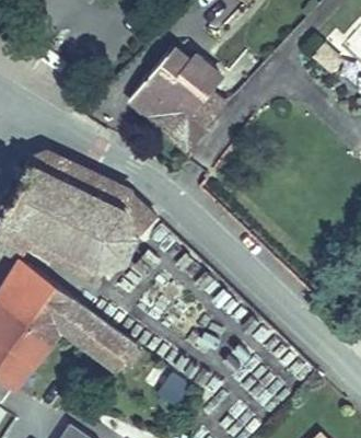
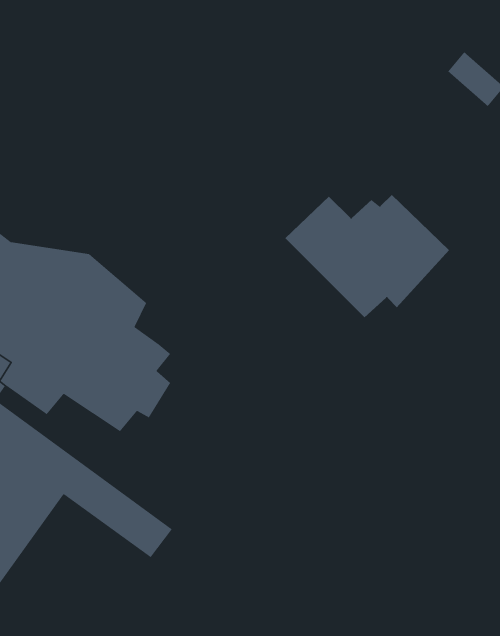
building: [115,62,221,142] -> [285,194,450,318]

